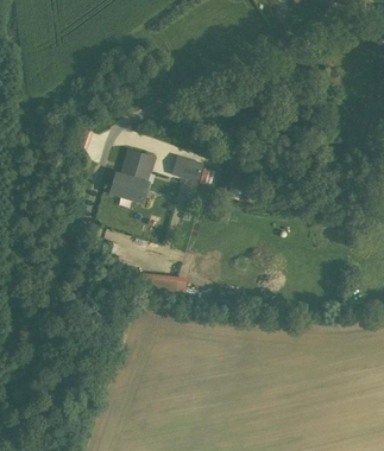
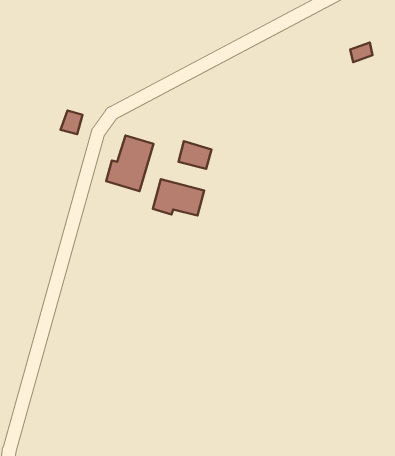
building: none -> [153,179,204,216]

